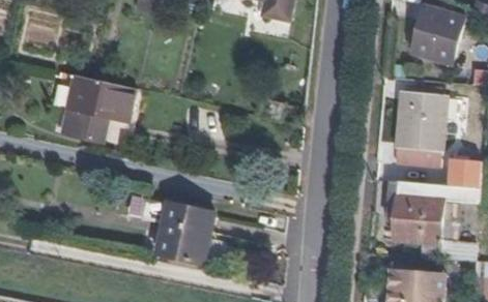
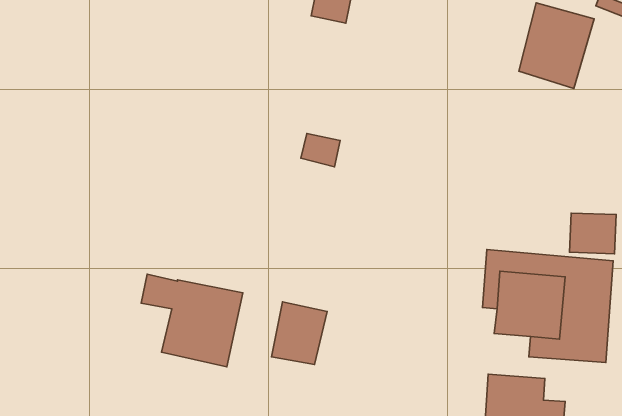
building: [61,76,135,142] -> none
building: [394,91,447,169] -> none
building: none -> [271,302,327,364]

